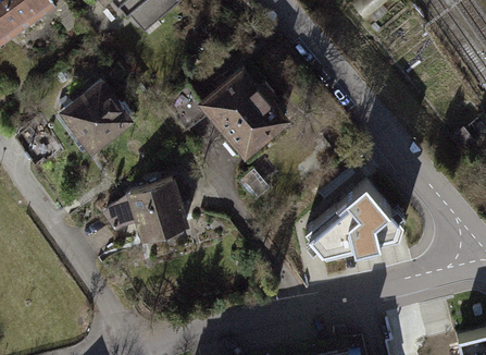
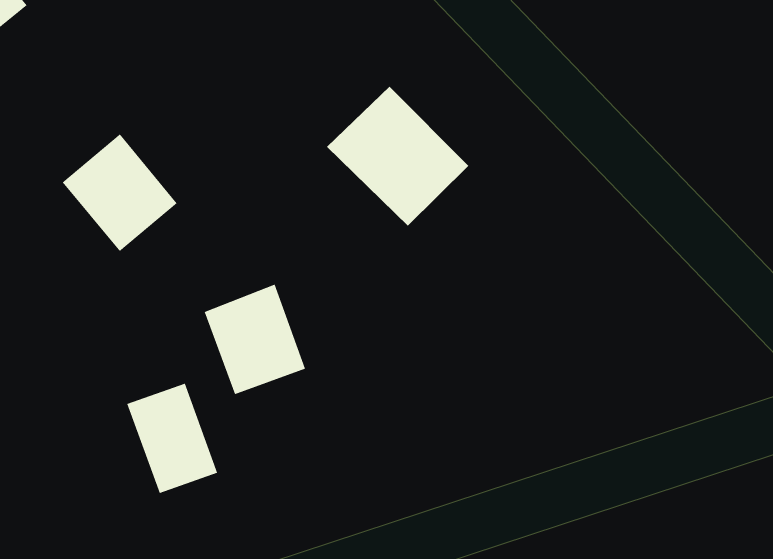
building: [298,176,397,258] -> none
building: none -> [127,383,218,494]

